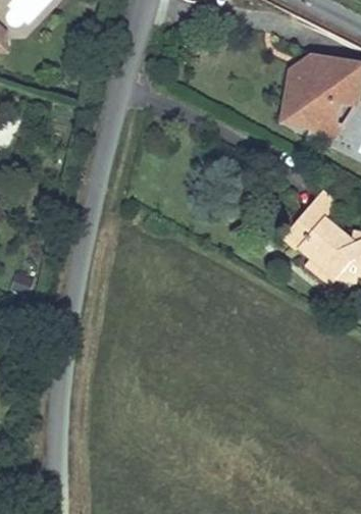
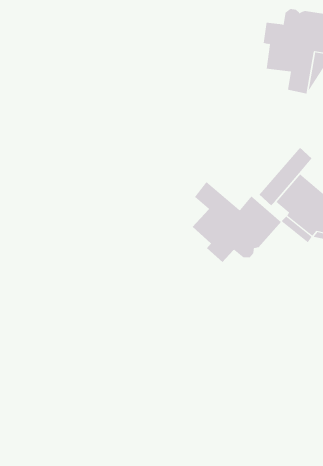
building: none -> [192,181,282,263]

